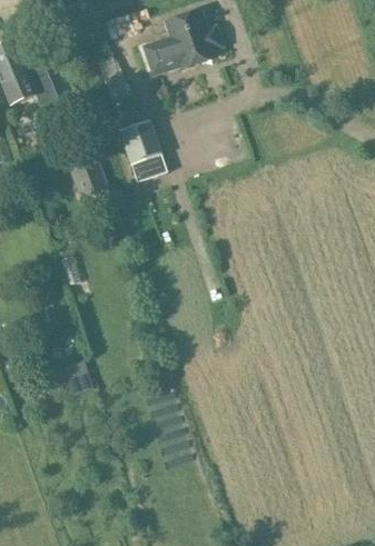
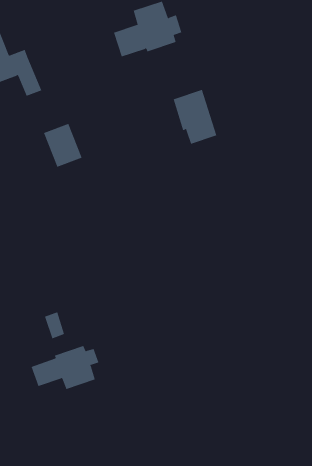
building: [117,119,167,181] -> [173,89,217,145]
building: none -> [31,345,99,390]

